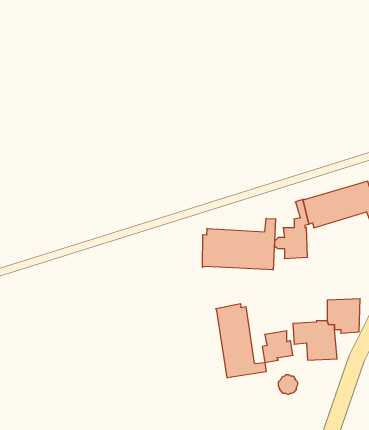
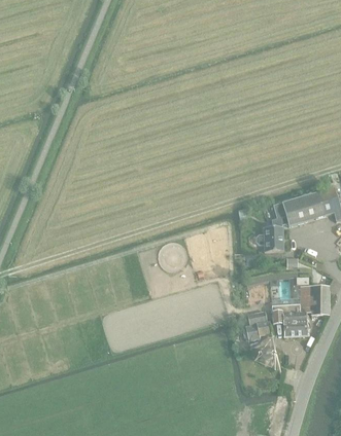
building: [203,218,275,270] -> none
building: [216,304,266,378] -> none

